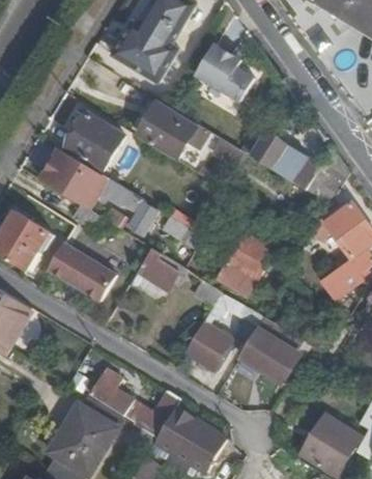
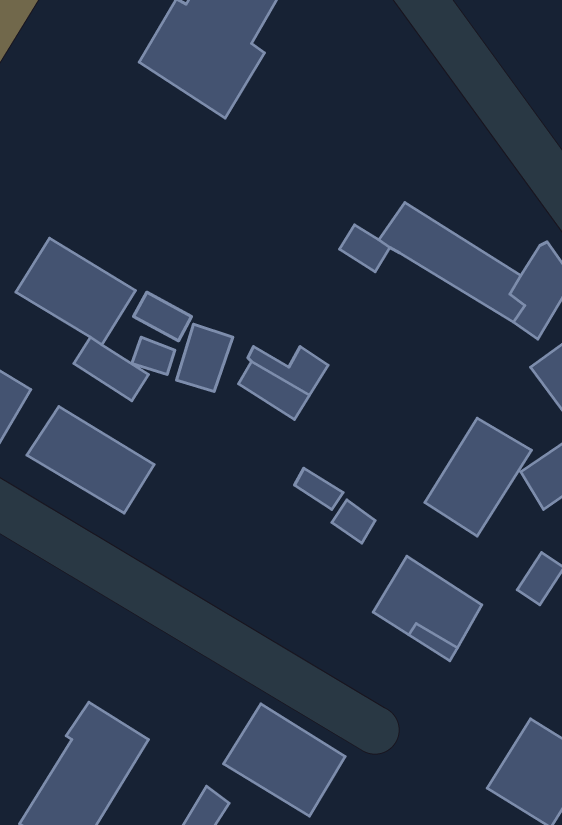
building: [197,43,256,100] -> none
building: [138,104,211,163] -> none
building: [65,113,122,171] -> none
building: [217,231,276,297] -> [425,418,531,536]
building: [137,248,177,288] -> none
building: [183,322,236,373] -> none
building: [89,370,177,435] -> none

